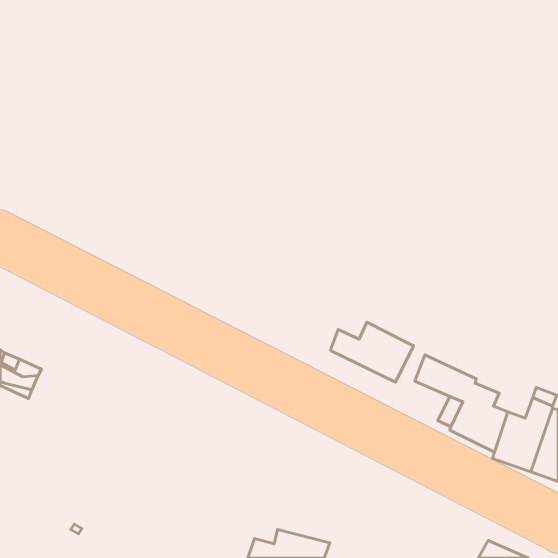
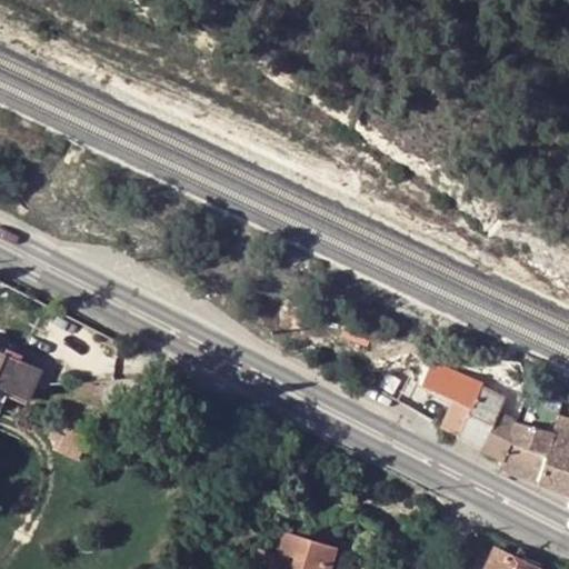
building: [330,322,413,382] -> none

